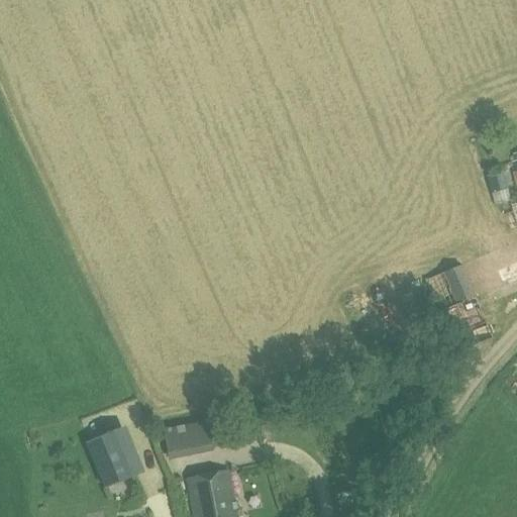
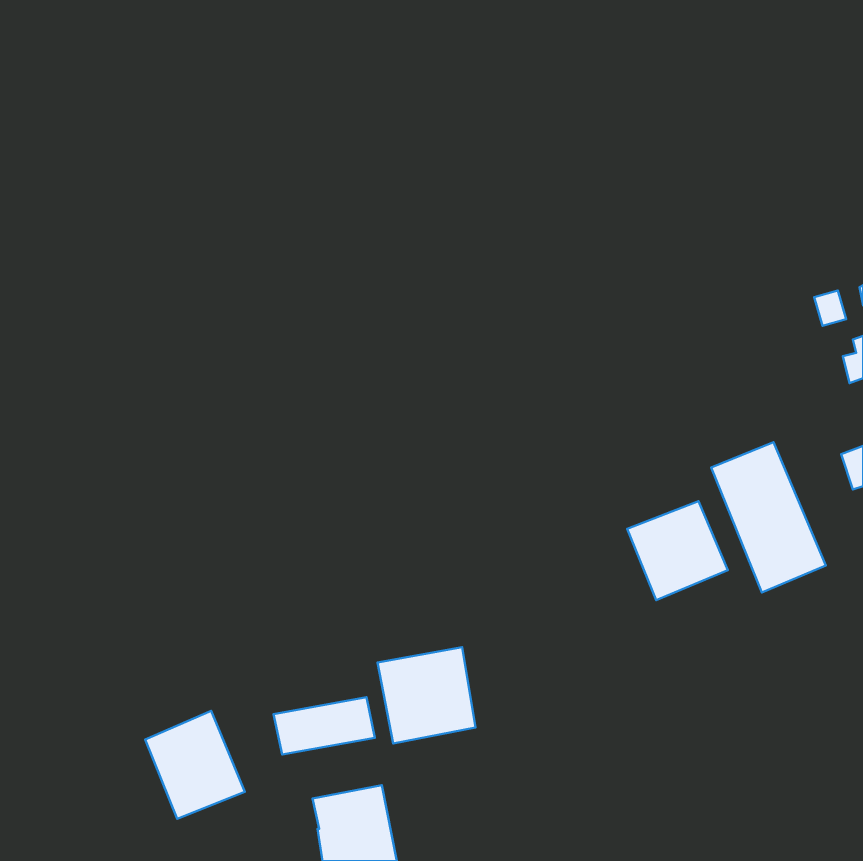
building: none -> [627,501,728,600]
building: none -> [377,647,476,744]

